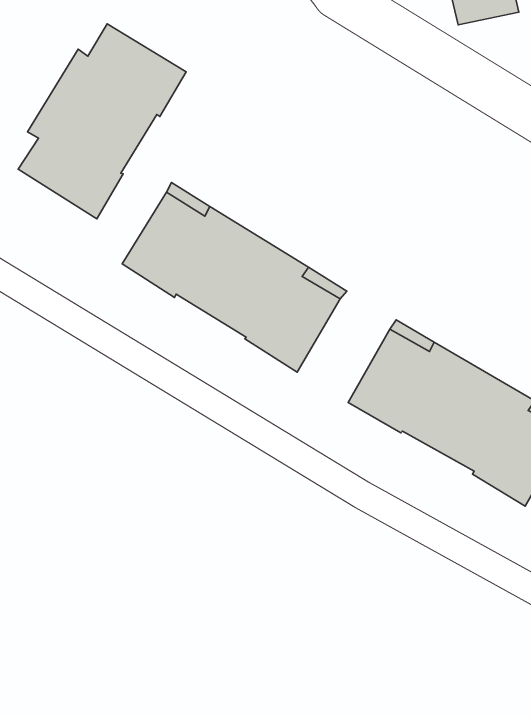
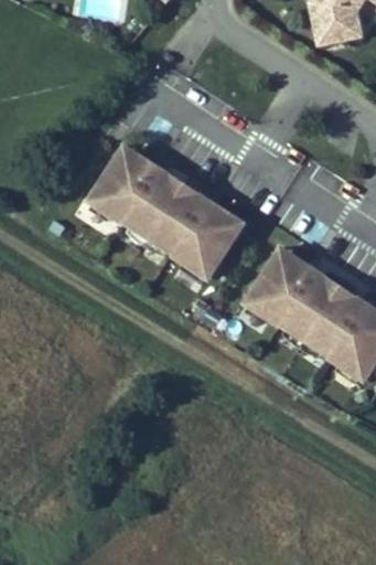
building: [18,24,186,219] -> none

